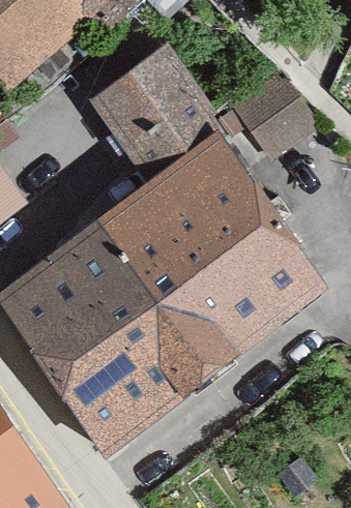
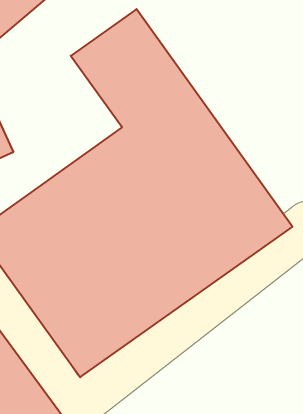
building: [232,66,317,154] -> none

